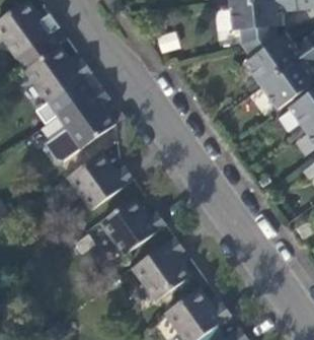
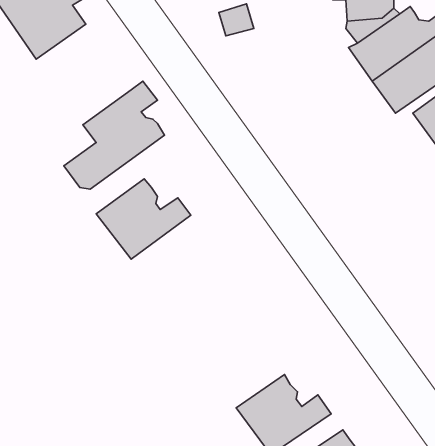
building: [25,45,91,124] -> none
building: [100,198,165,254] -> none
building: [132,235,189,299] -> none

